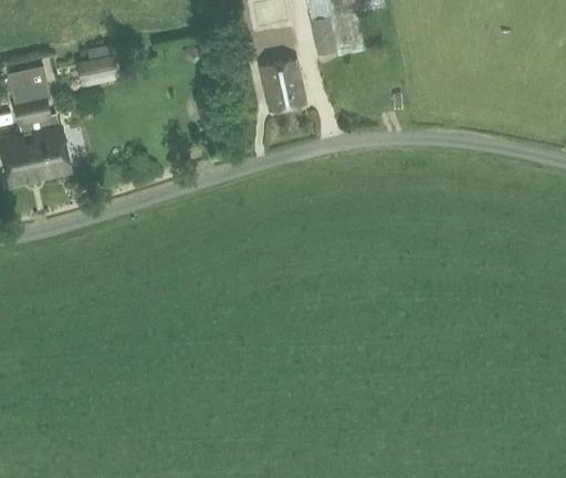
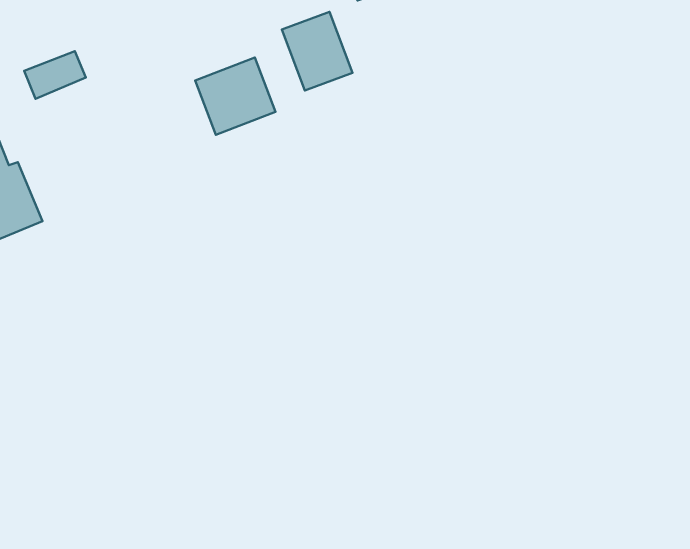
building: none -> [195,58,275,135]

